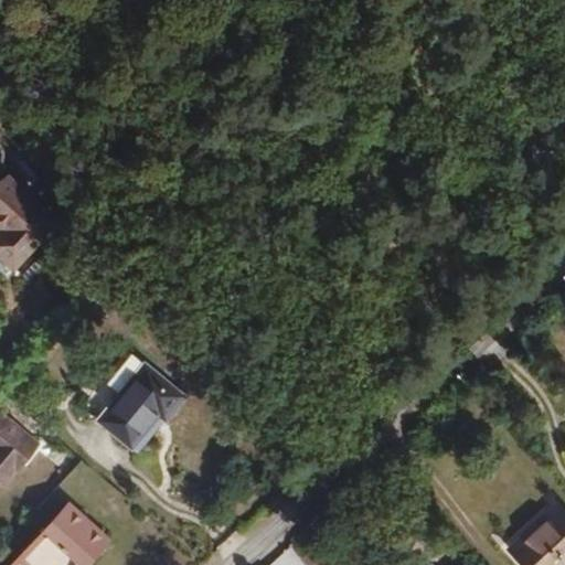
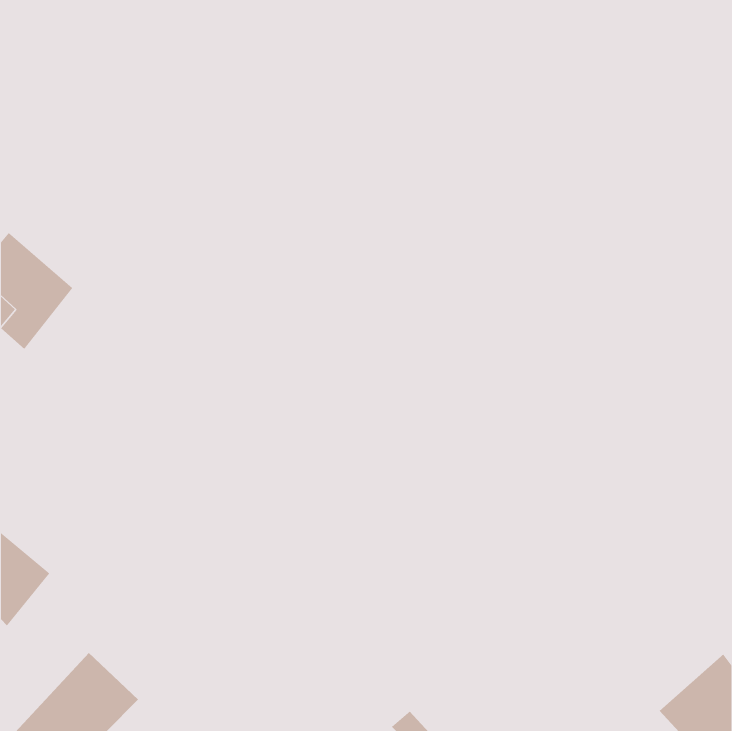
building: [97,364,186,456] -> none

